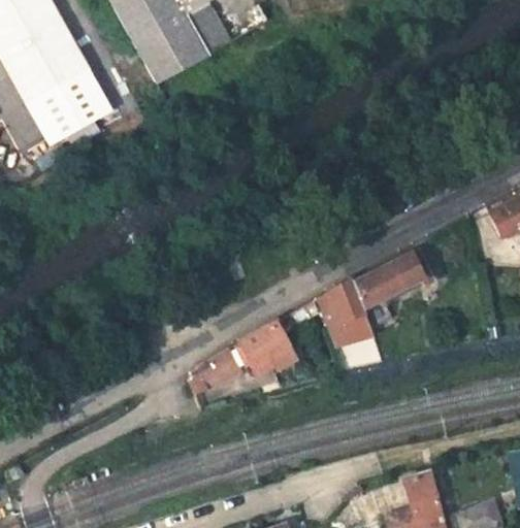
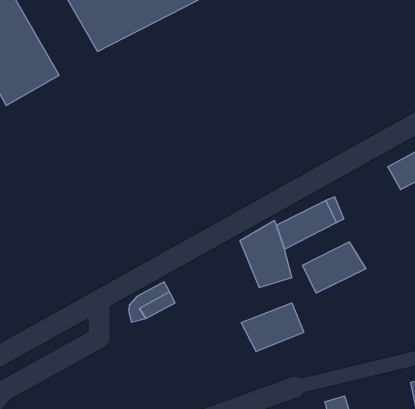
building: none -> [302,242,366,293]
building: [240,318,297,369] -> none
building: none -> [241,303,304,351]

